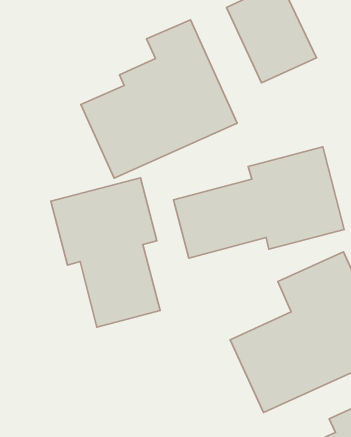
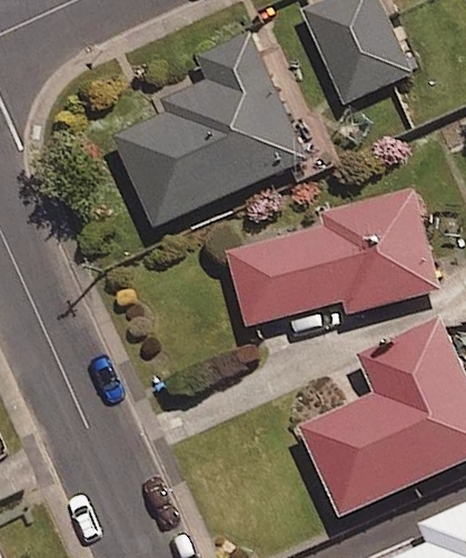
building: [51,178,160,327] -> none

